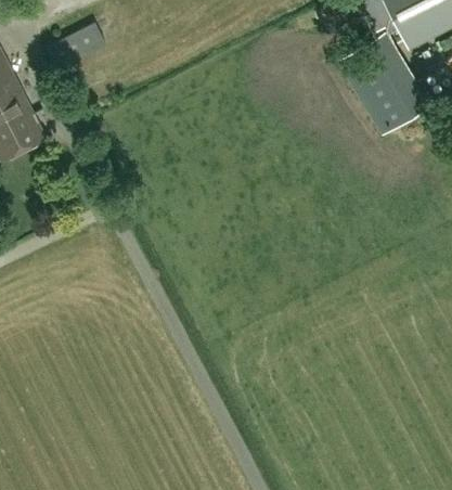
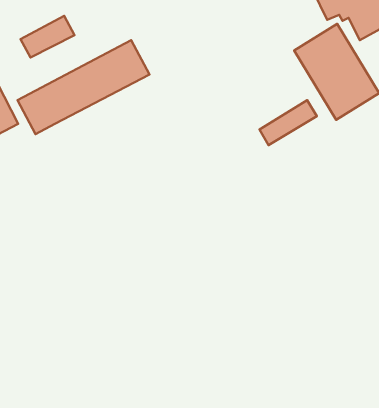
building: none -> [17,40,150,134]
building: none -> [260,100,317,145]

